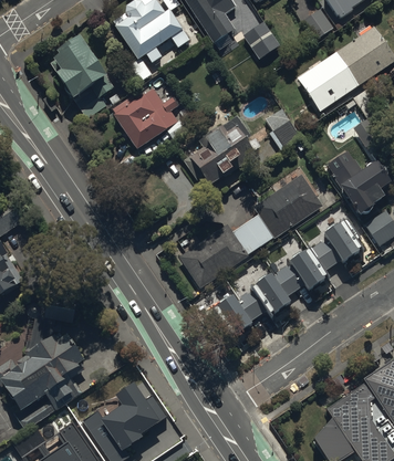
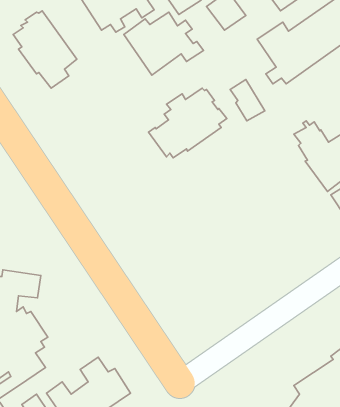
building: [110,90,188,151] -> [124,12,203,75]
building: [178,171,322,289] -> none
building: [217,220,361,334] -> none

